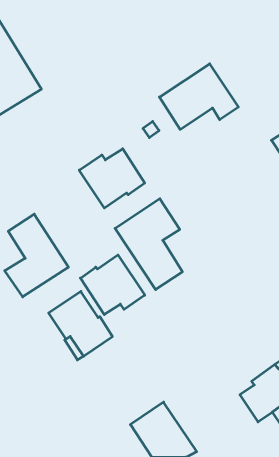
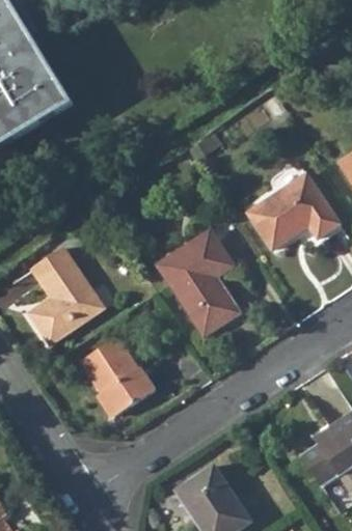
building: [159,64,238,129] -> [247,173,339,249]
building: [79,149,145,208] -> none
building: [80,255,145,315] -> none

